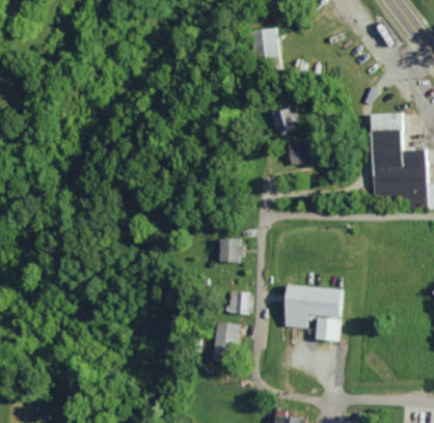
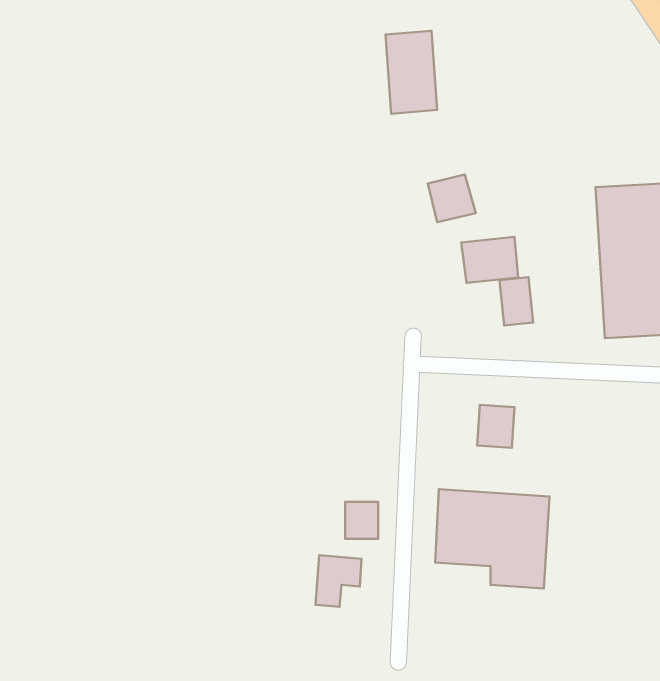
building: none -> [499,277,533,325]
building: none -> [477,405,514,448]
building: [218,237,241,261] -> none

